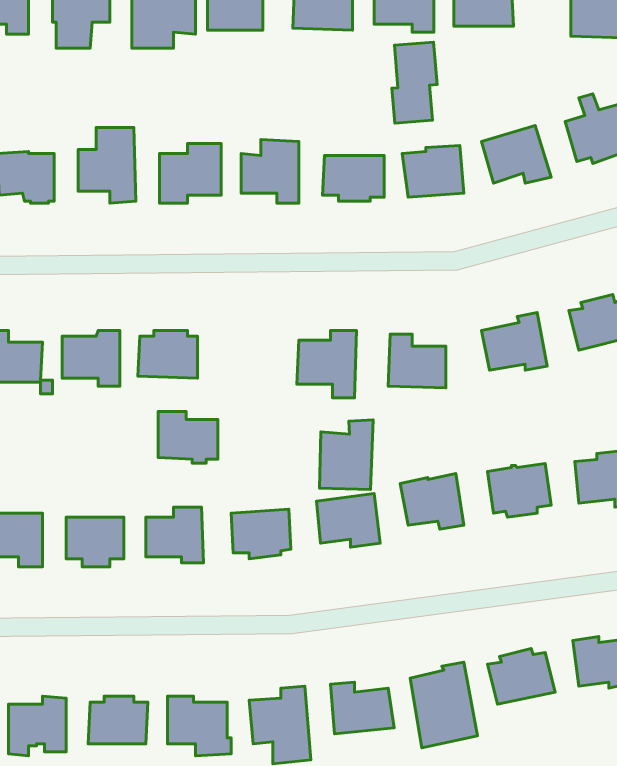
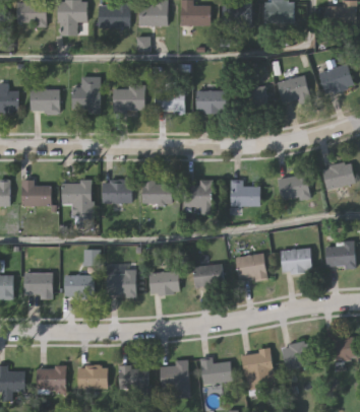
building: [392,42,437,123] -> none
building: [158,412,218,463] -> [142,179,173,205]
building: [320,420,373,490] -> none

